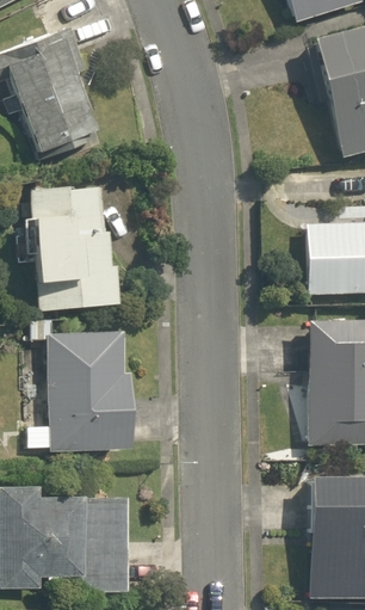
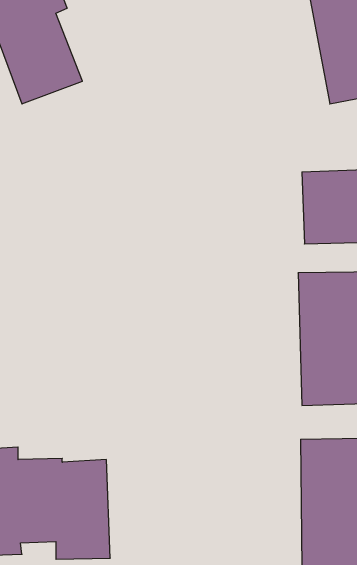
building: [32,187,119,310] -> none
building: [51,331,131,450] -> none

